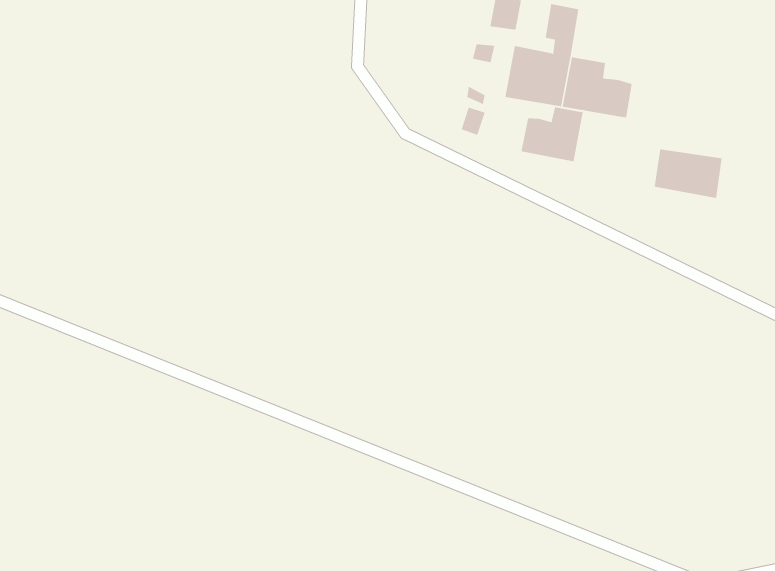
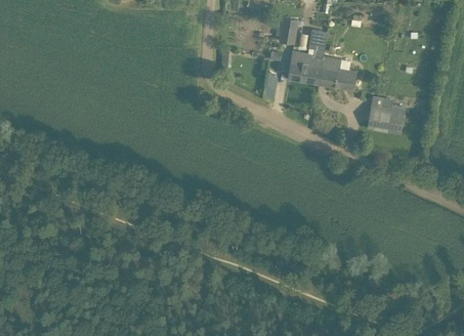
building: [521,106,583,162] -> none

